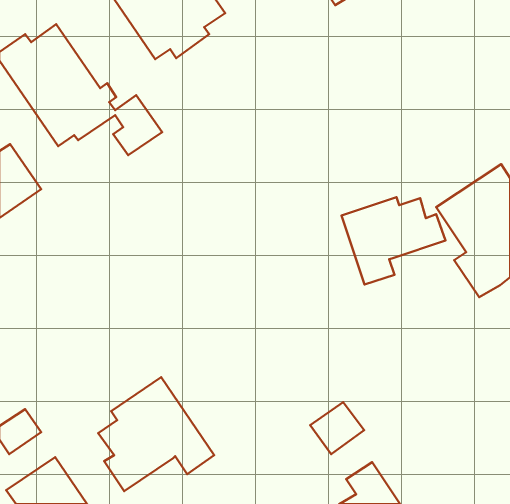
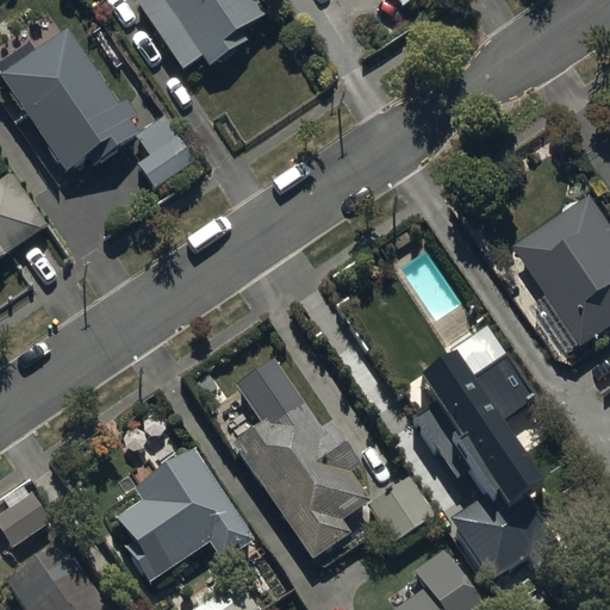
building: [341,197,445,284] -> none
building: none -> [413,322,555,573]
building: none -> [234,354,369,560]

